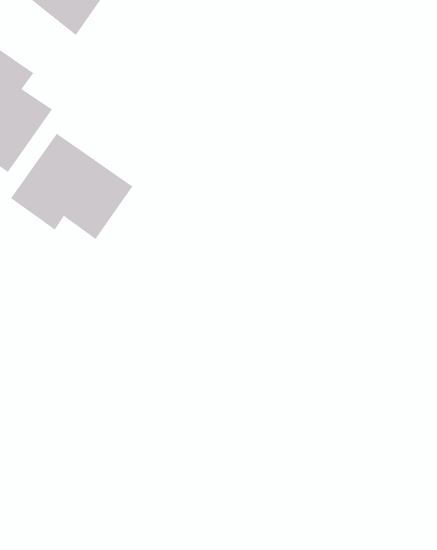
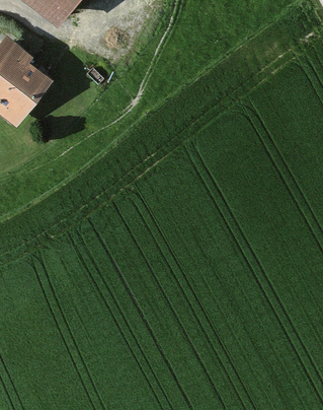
building: [10,133,133,240] -> none

